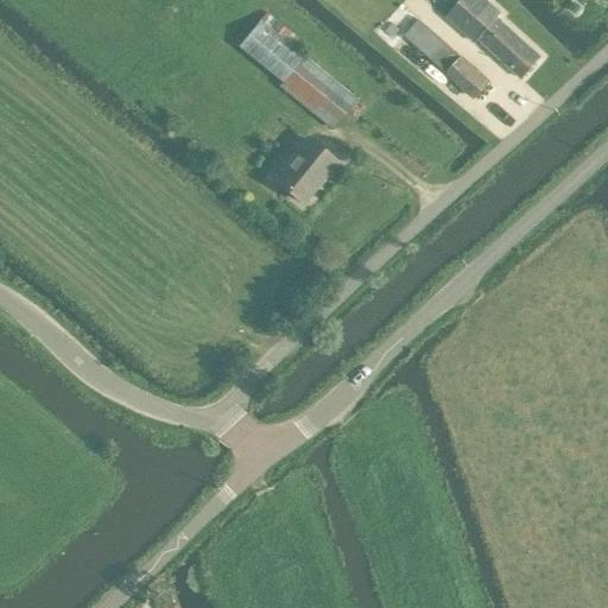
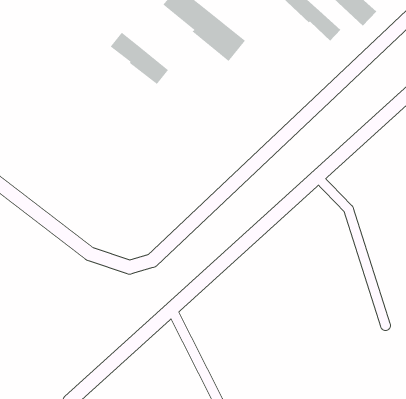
building: none -> [110,32,169,85]
building: [272,138,336,203] -> none

